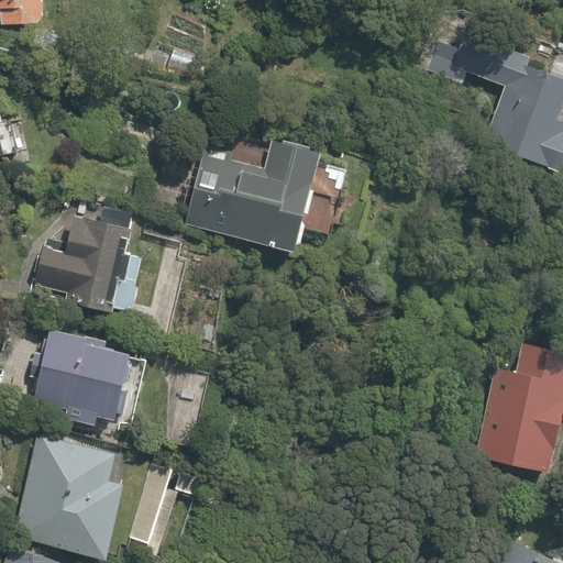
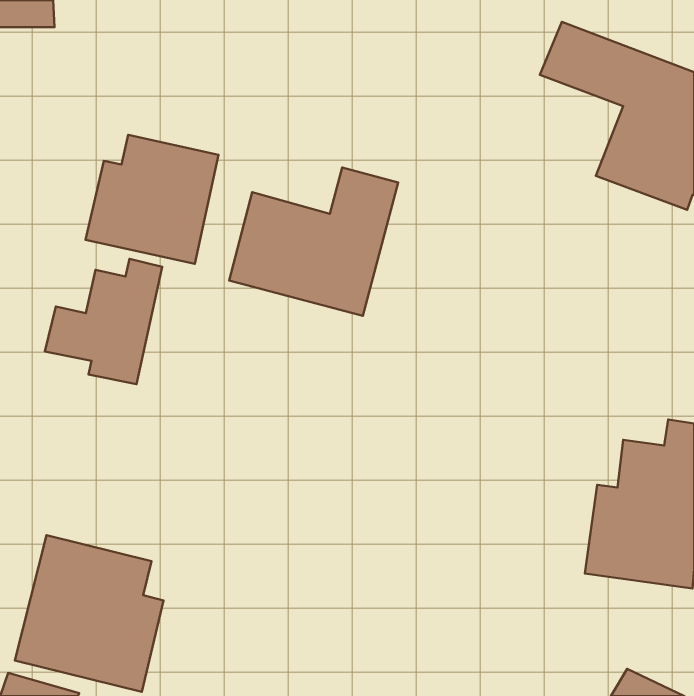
building: none -> [86,135,218,264]
building: [35,332,136,421] -> none

